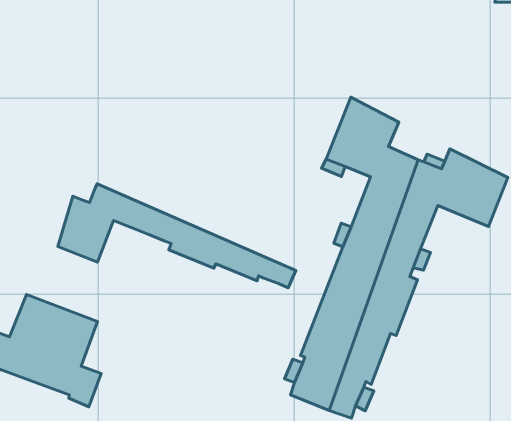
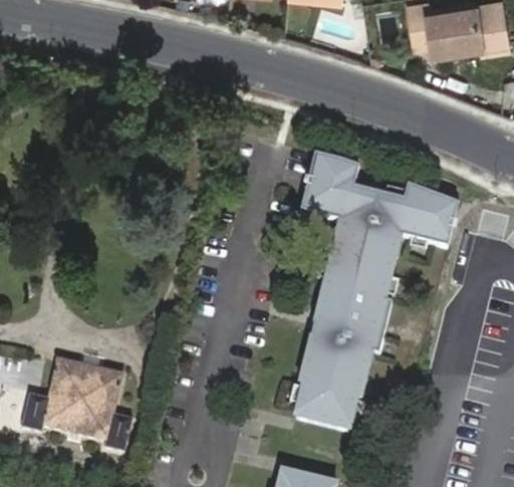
building: [58,184,296,288] -> none

